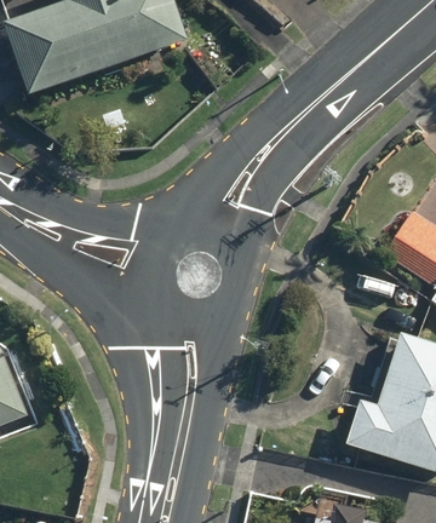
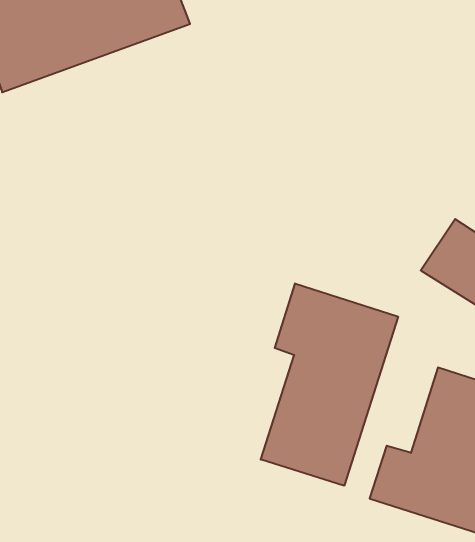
building: none -> [261,283,398,486]

